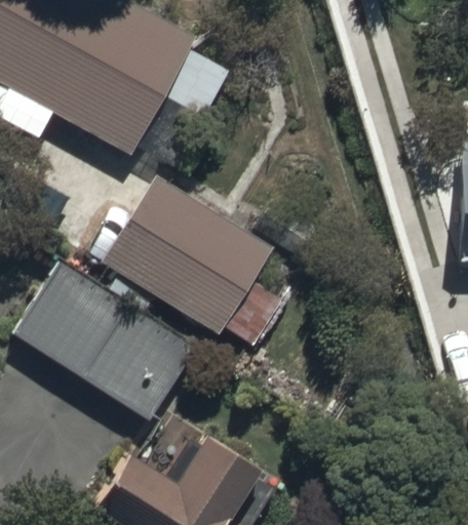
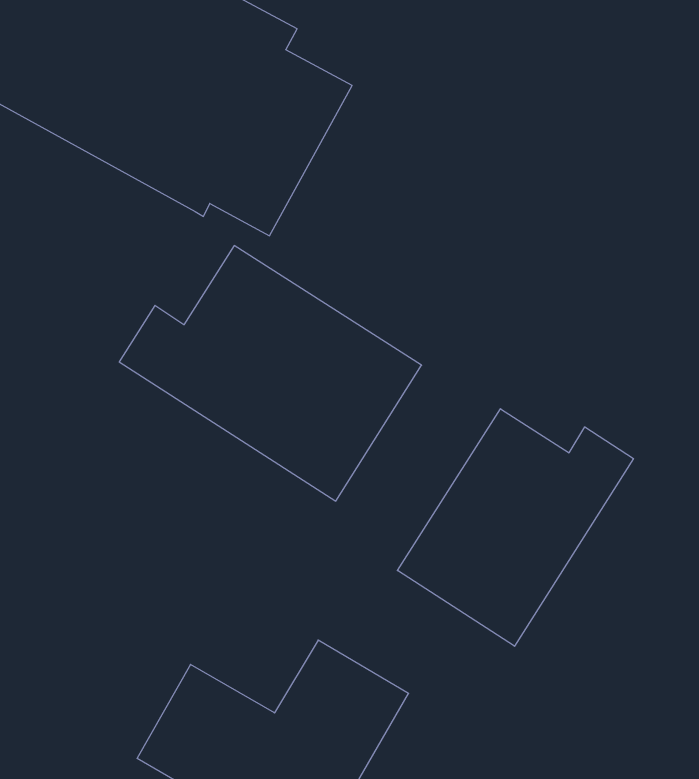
building: [13,260,196,416] -> none
building: none -> [397,409,633,646]

